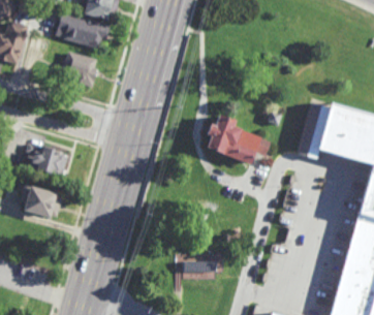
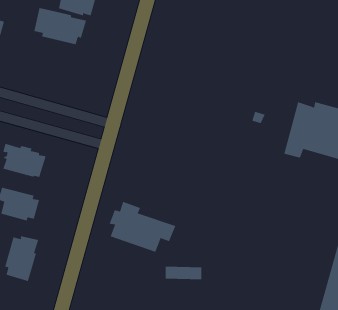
building: [62,52,94,86] -> none
building: [205,115,270,164] -> [109,201,176,253]
building: none -> [5,235,39,282]

